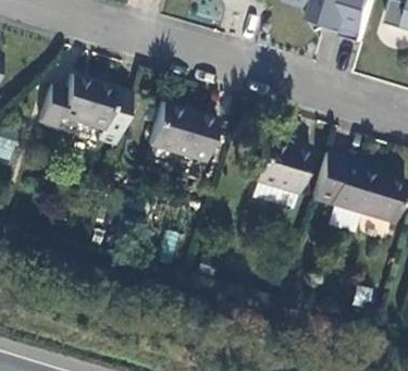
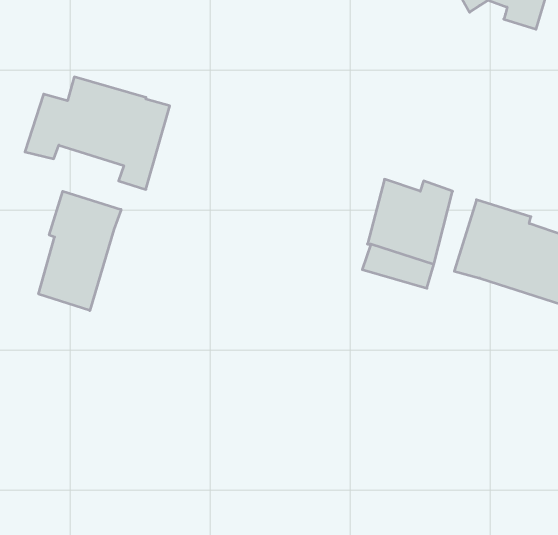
building: [143,101,212,161] -> none
building: none -> [39,191,121,311]

